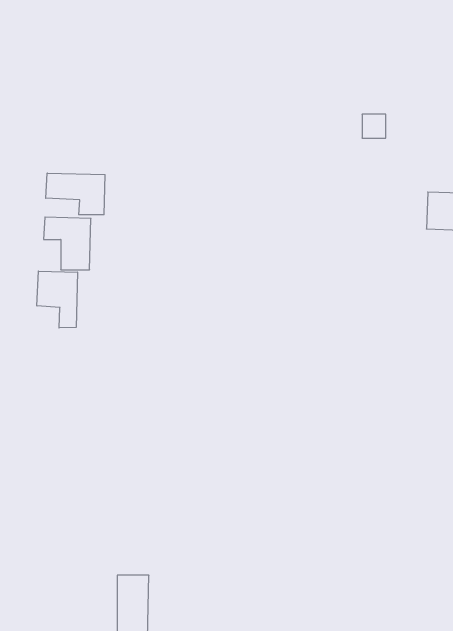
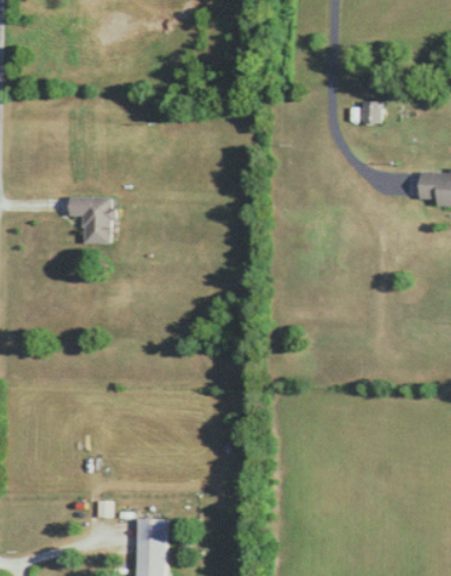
building: [46,173,105,215] -> none
building: [37,271,77,328] -> none

